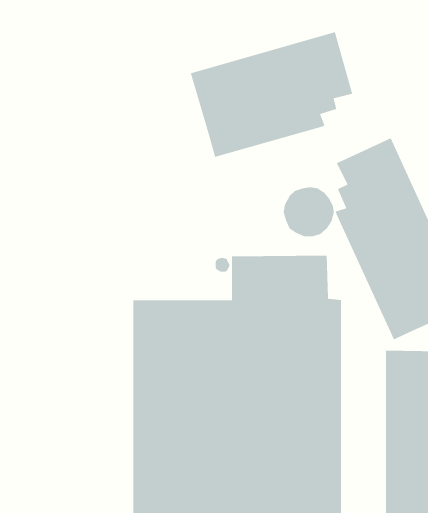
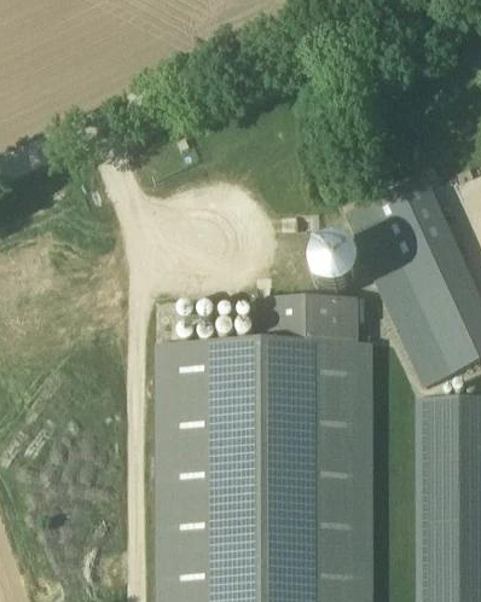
building: [190,31,353,158] -> none

